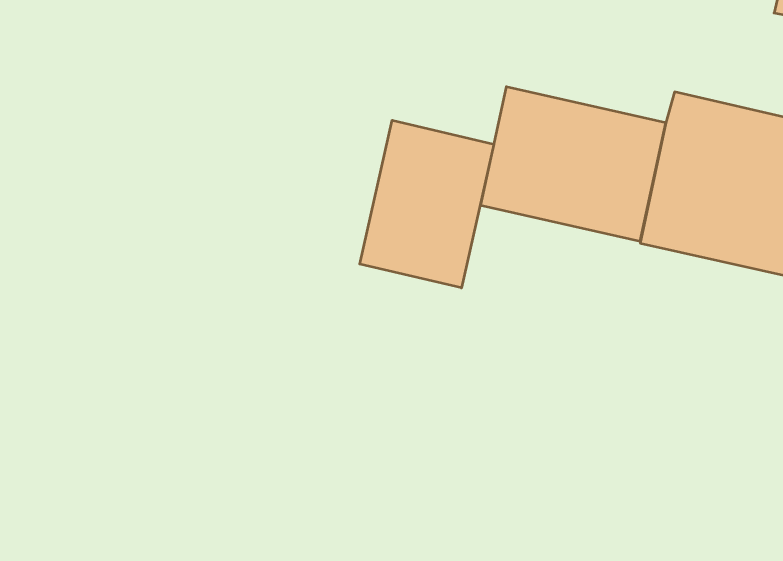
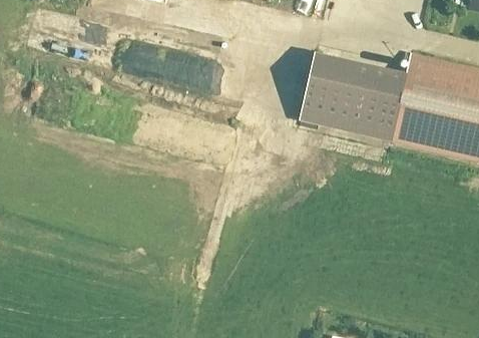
building: [360,120,494,288] -> none

